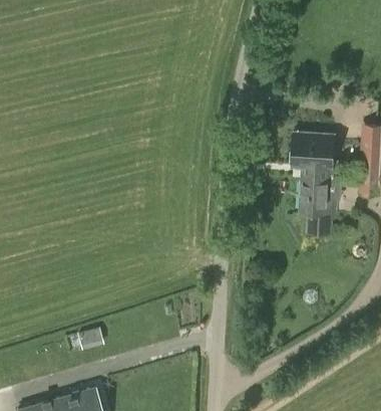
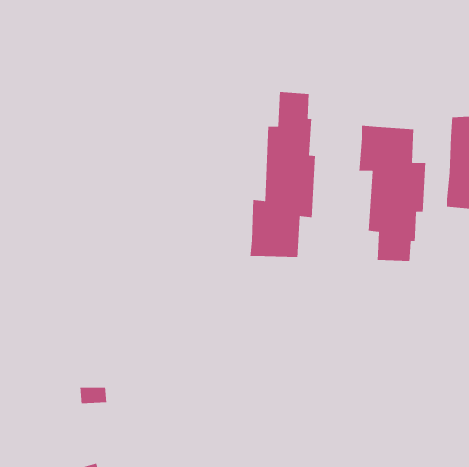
building: none -> [250,91,316,258]

